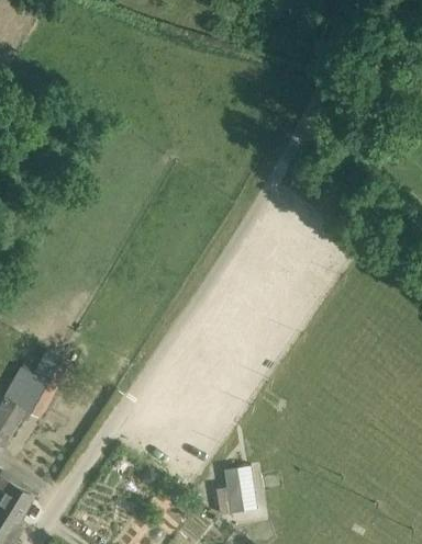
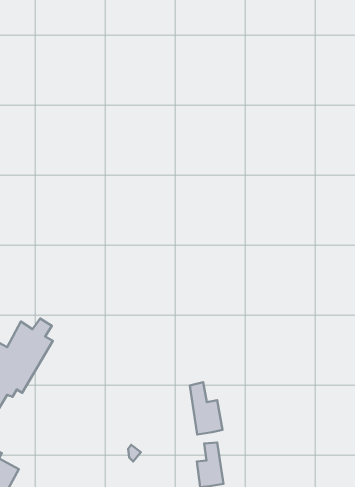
building: none -> [190,382,223,434]

